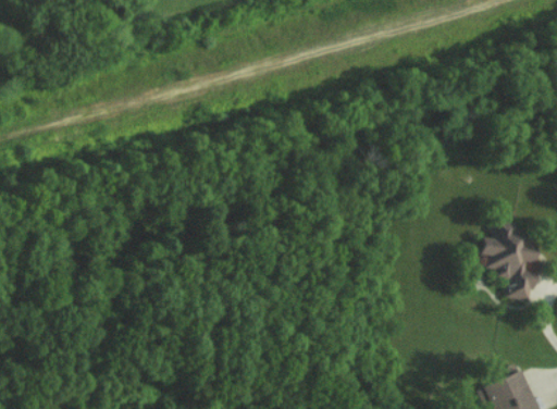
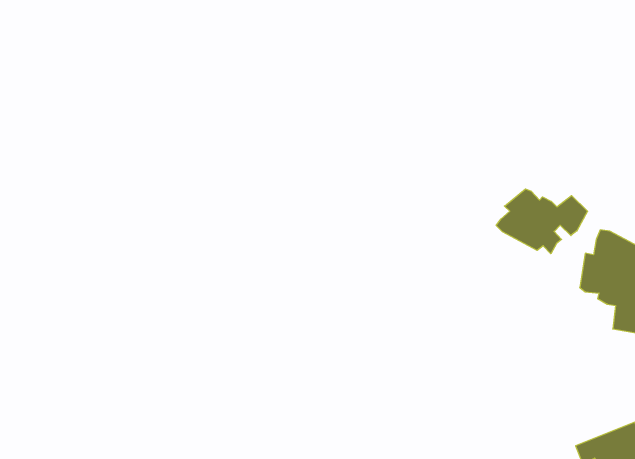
building: none -> [496,189,588,254]

